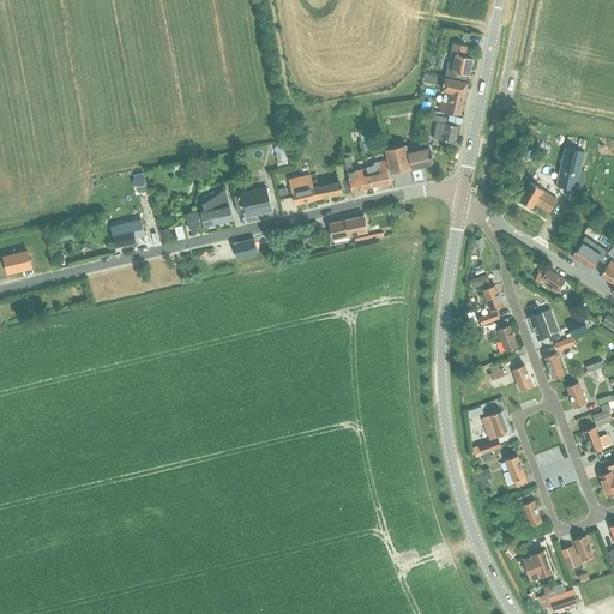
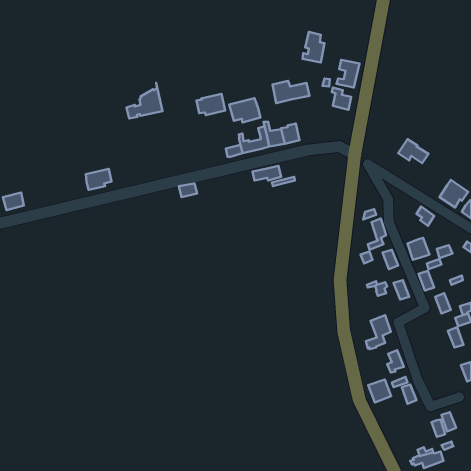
building: [444,43,472,83] -> [302,32,324,62]
building: none -> [229,98,261,123]
building: [385,145,433,174] -> [273,81,309,103]
building: [555,148,584,191] -> none
building: [186,182,233,229] -> [127,83,163,119]
building: [234,187,271,215] -> [196,94,225,115]
building: [523,550,553,580] -> [368,380,391,403]

